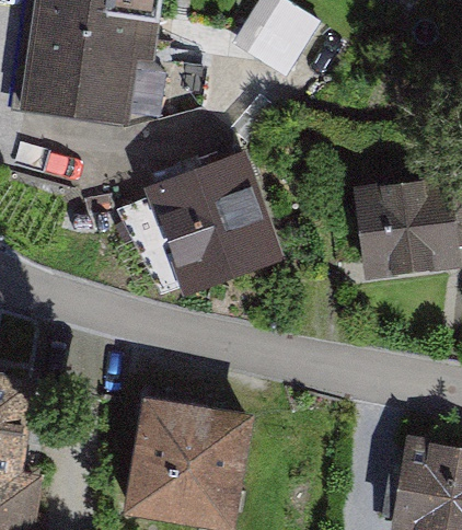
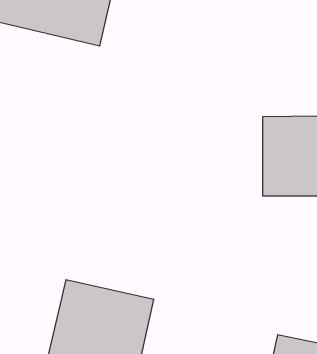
building: [142,153,280,295] -> none

